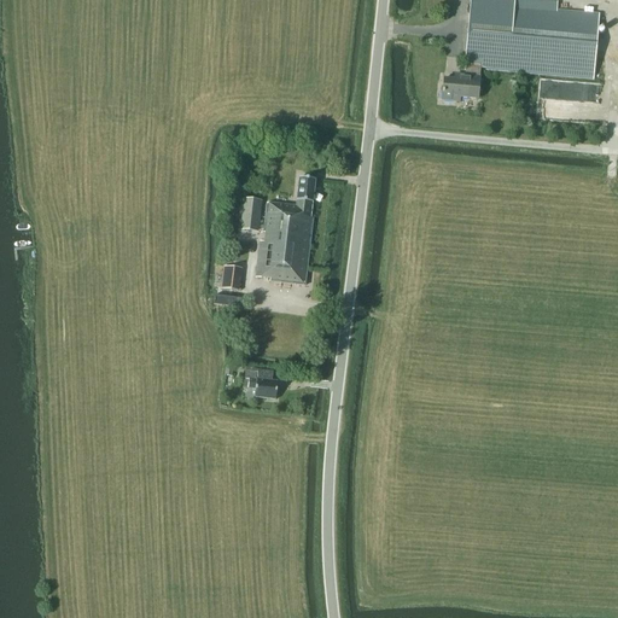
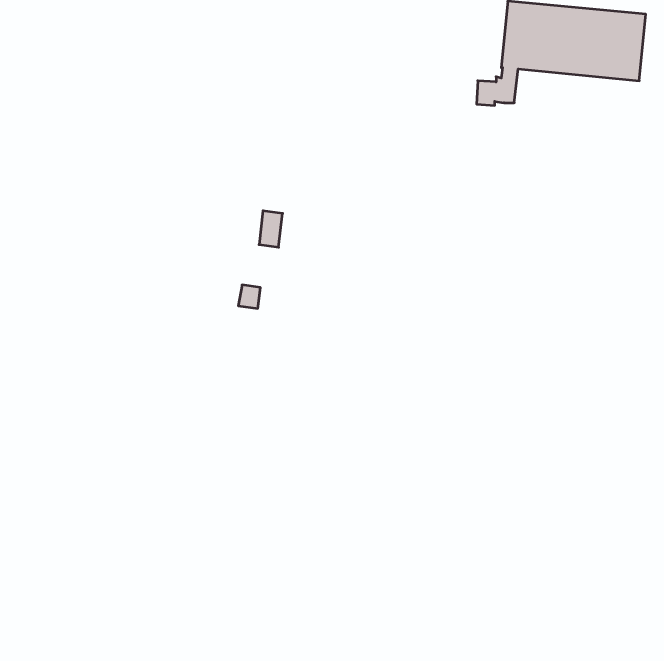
building: [256,175,316,282] -> none
building: [245,368,279,397] -> none

